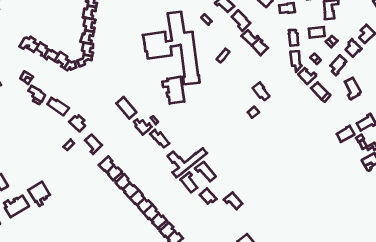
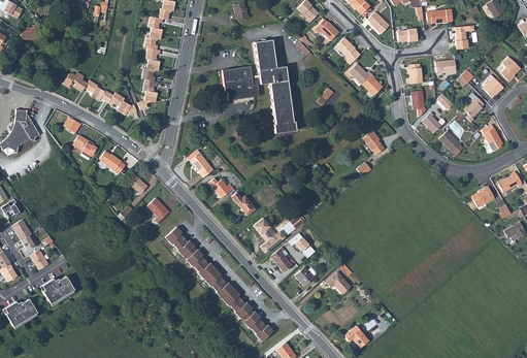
building: [162,77,184,104] -> none
building: [28,182,50,206] -> none

